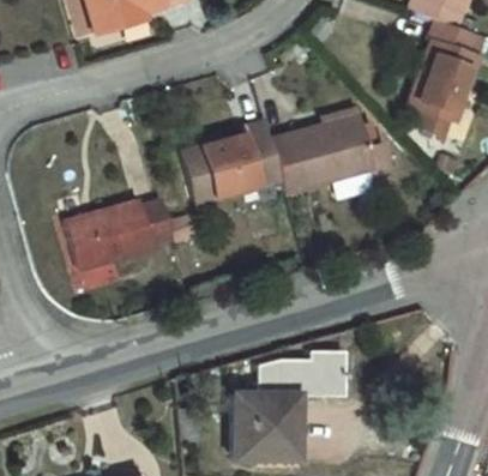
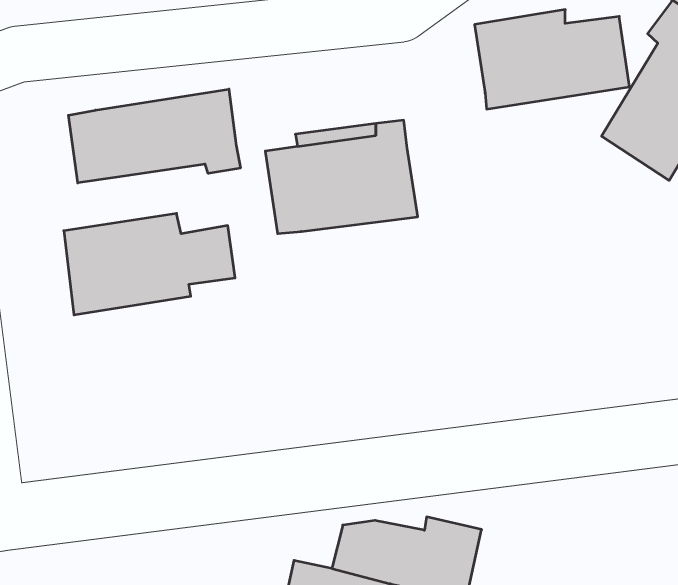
building: [276,115,376,185] -> [475,10,630,109]
building: none -> [68,89,240,183]

